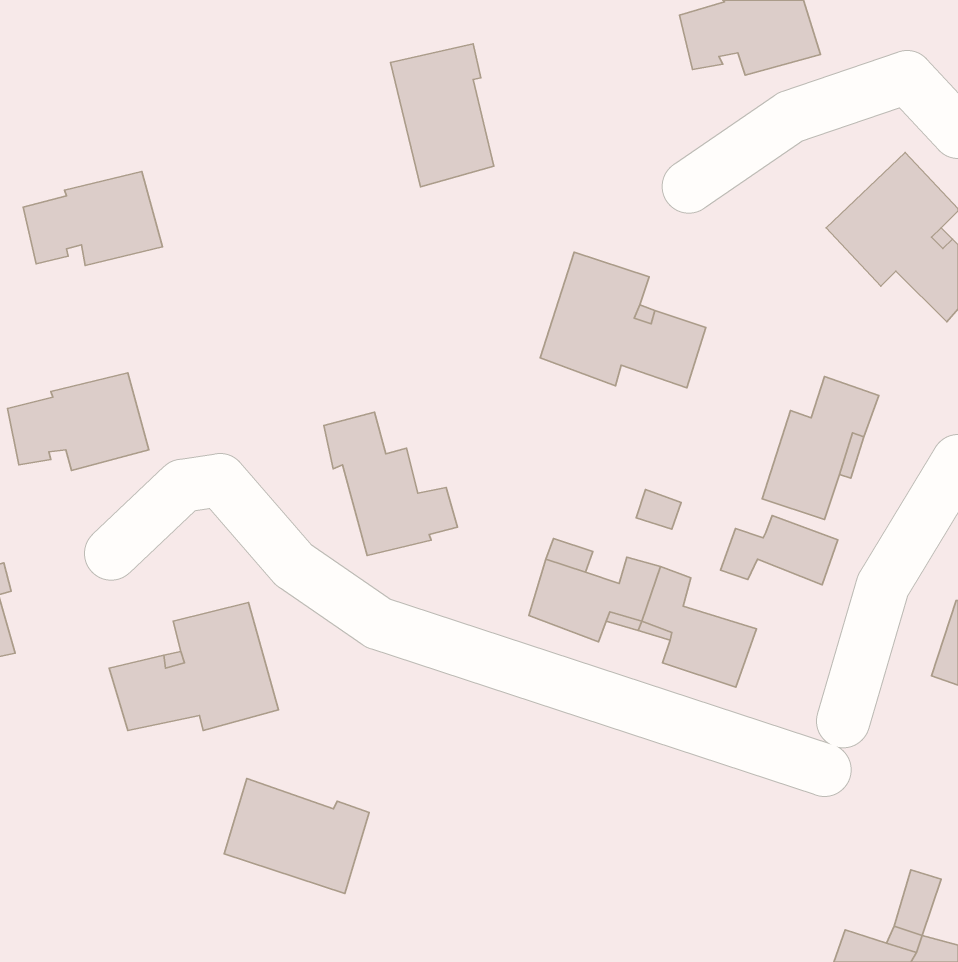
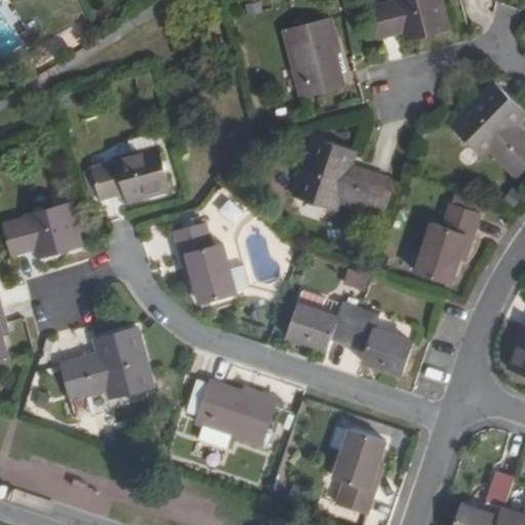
building: [390,44,494,187] -> [284,18,340,96]
building: [23,171,162,266] -> [93,149,169,200]
building: [720,515,838,585] -> none
building: [224,779,369,893] -> [197,381,276,444]
building: none -> [335,431,383,515]

